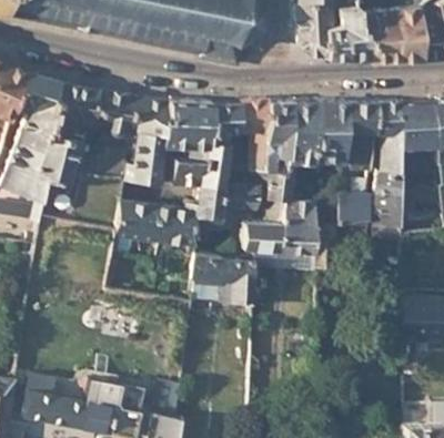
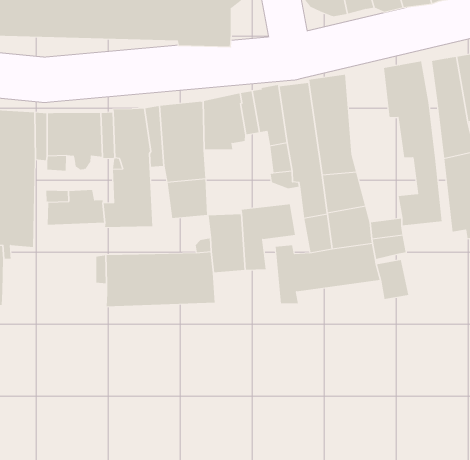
building: [311,101,344,163] -> none
building: [199,137,229,189] -> none
building: [190,254,253,306] -> none

